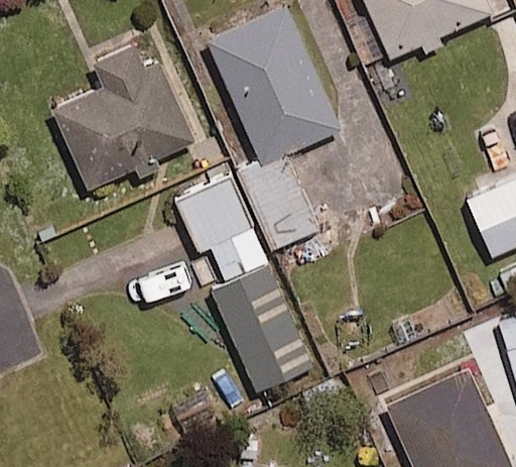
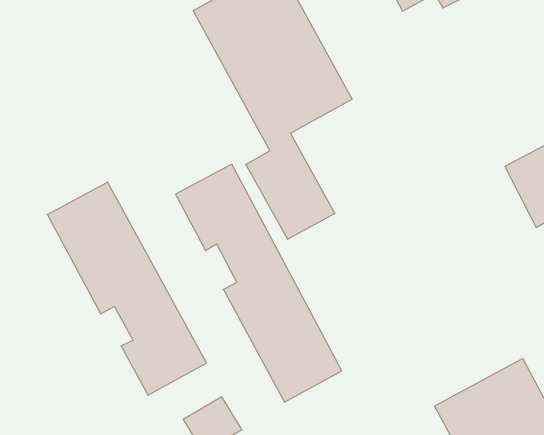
building: [52,47,194,190] -> none
building: none -> [47,182,206,395]

